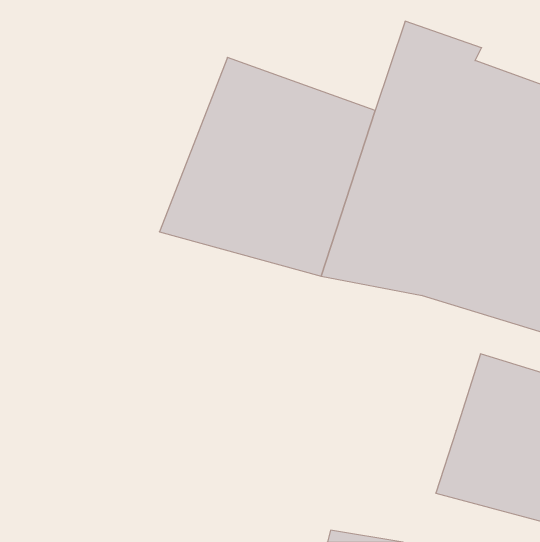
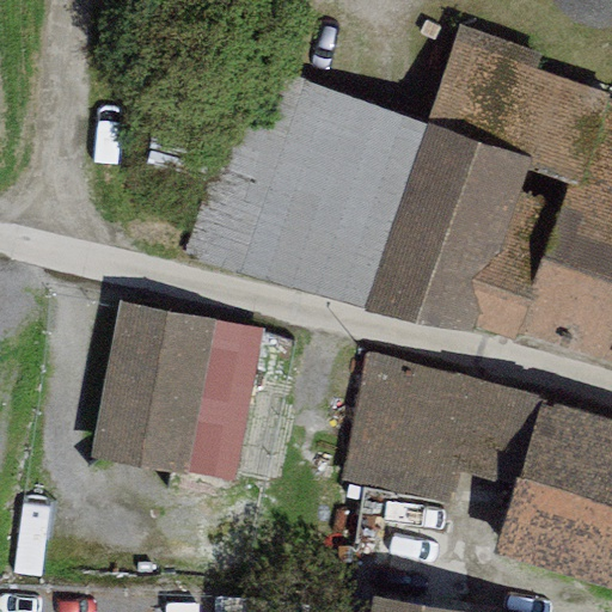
building: none -> [94,302,267,481]
building: none -> [343,351,544,504]

